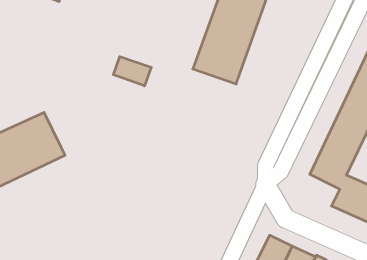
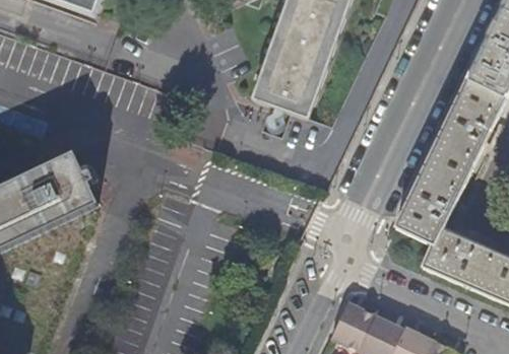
building: [113,57,151,86] -> none

